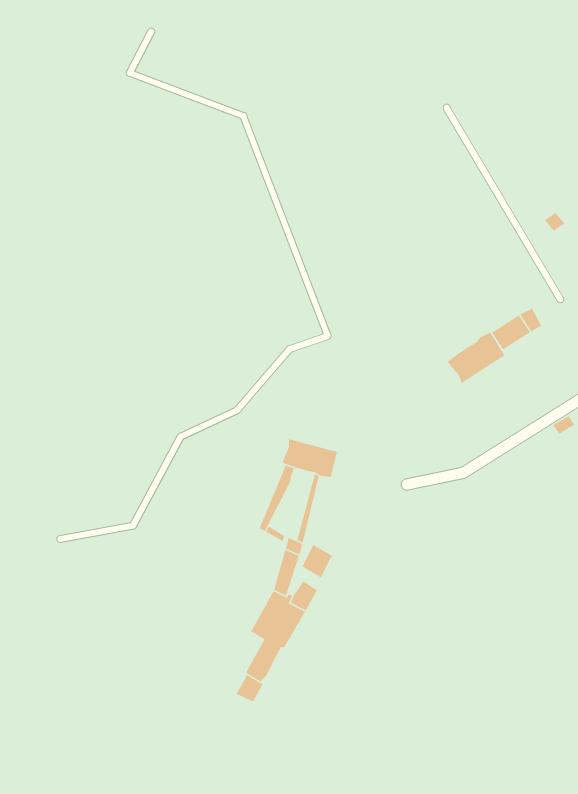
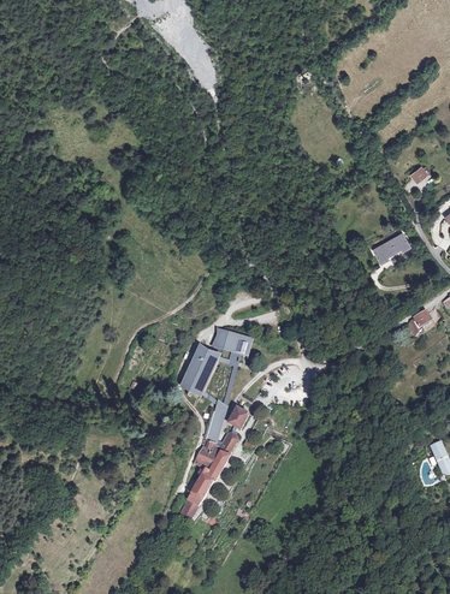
building: [447,332,506,384] -> none
building: none -> [183,343,217,393]

